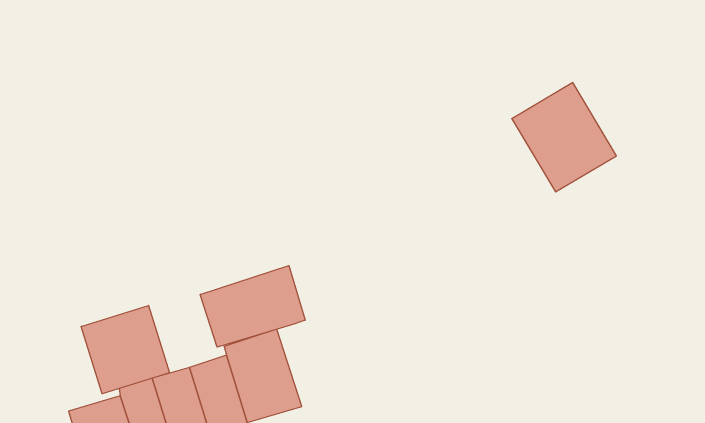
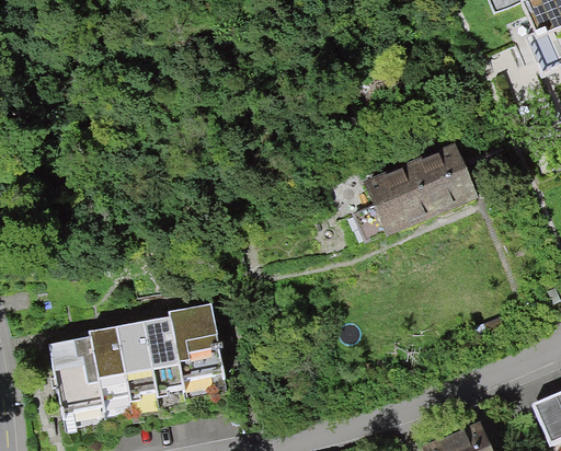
building: none -> [360,169,431,245]
building: [200,266,305,347] -> none
building: [81,305,169,394] -> none

